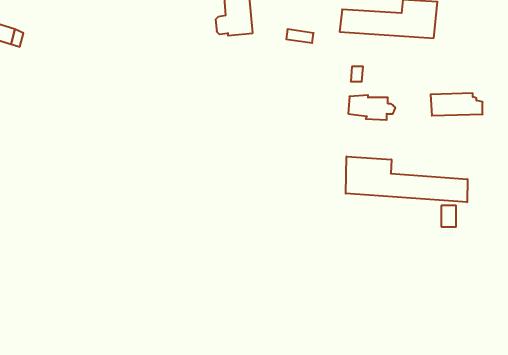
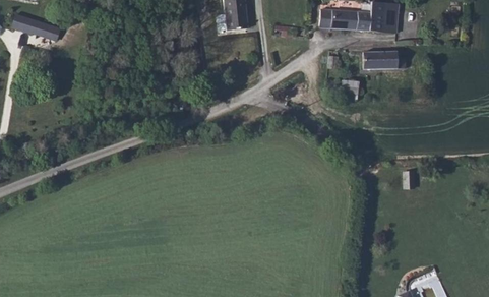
building: [431,93,483,116] -> [363,50,406,68]
building: [346,156,467,202] -> none

